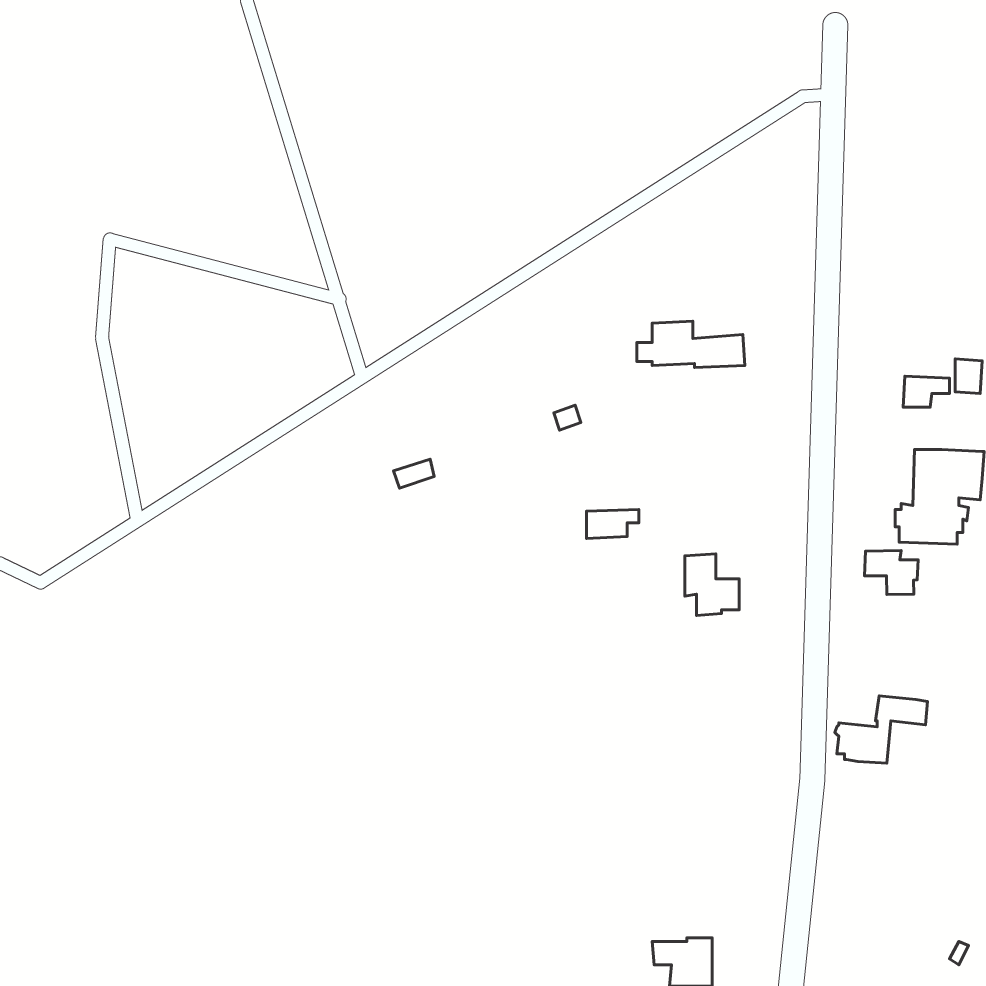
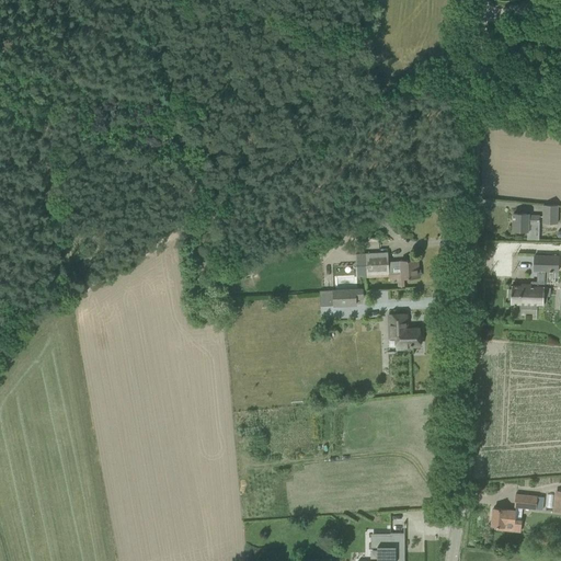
building: [637,321,745,367] -> [356,252,417,278]
building: [865,551,918,594] -> none
building: [835,696,927,763] -> [491,493,543,531]

